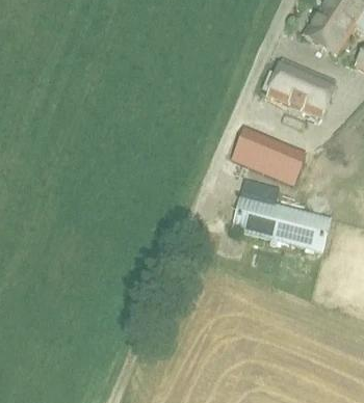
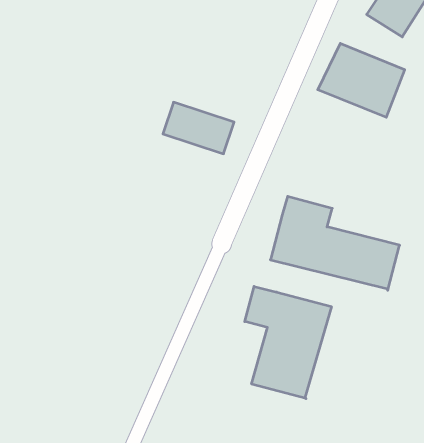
building: [242,129,298,169] -> [163,102,234,154]
building: none -> [245,286,331,399]

